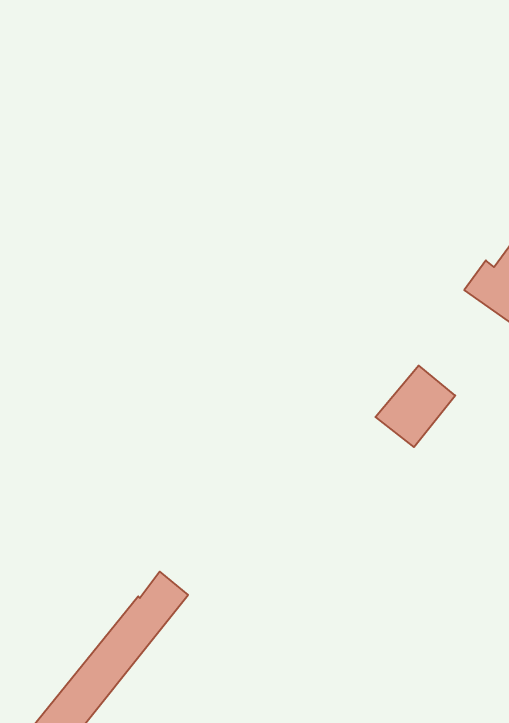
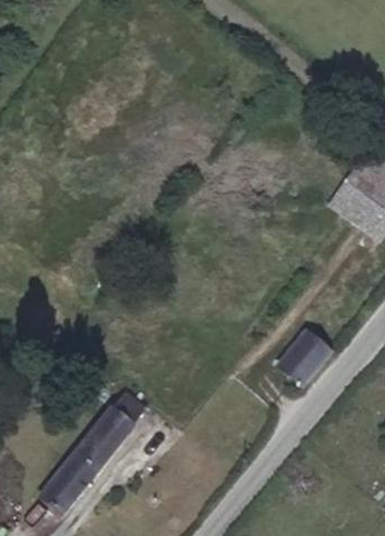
building: [375,366,455,447] -> [276,331,329,386]

